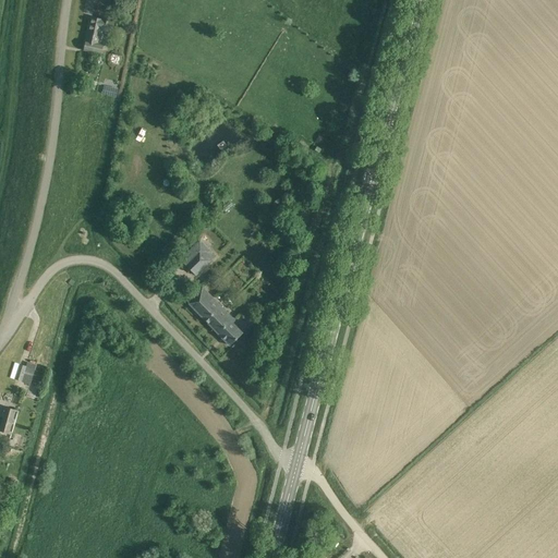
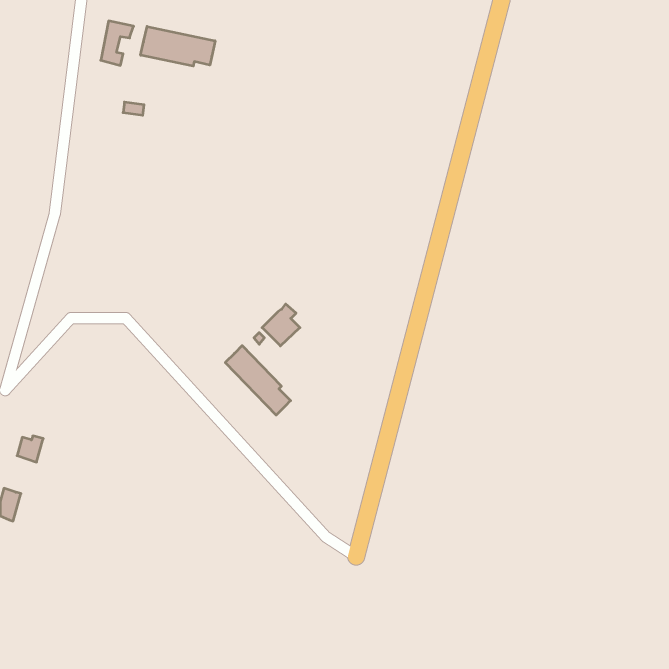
building: none -> [141,26,215,66]
building: [180,241,211,276] -> [262,304,300,346]

